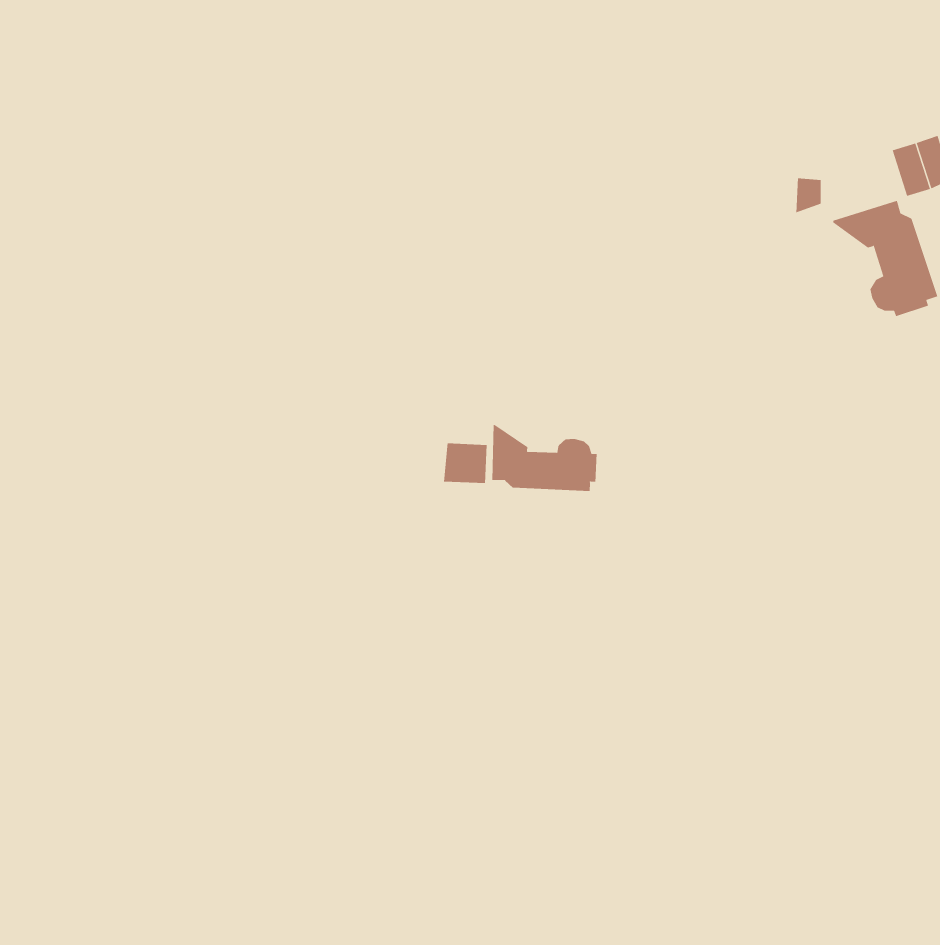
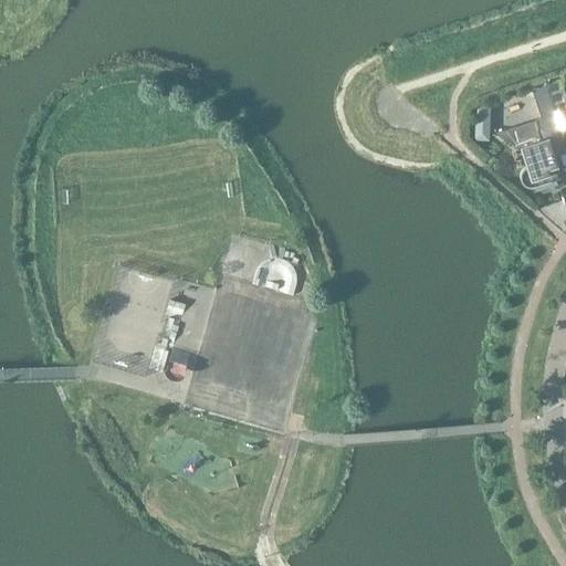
building: [492,424,597,492] -> none

